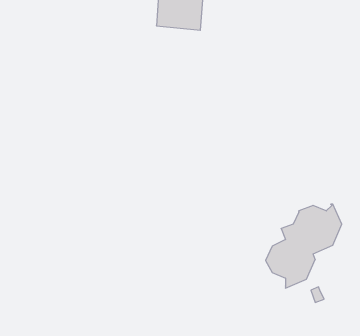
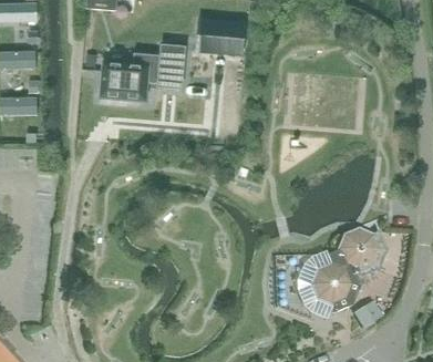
building: none -> [102,45,185,100]

